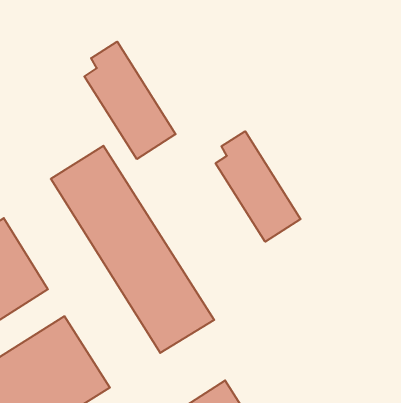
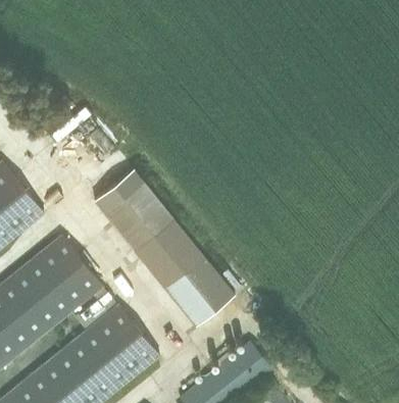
building: [84,42,176,159] -> none
building: [216,131,301,242] -> none

